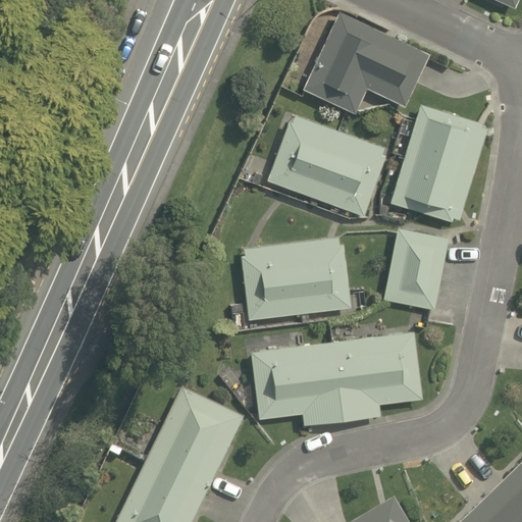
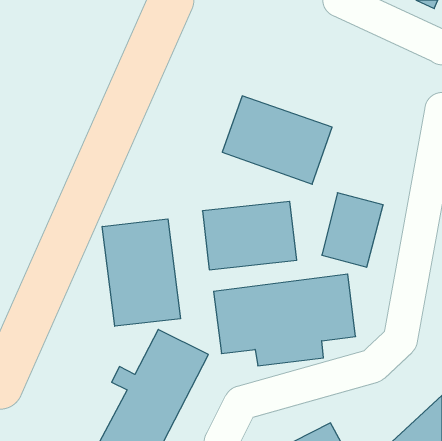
building: [298,8,426,117] -> none
building: [377,106,489,224] -> none
building: none -> [102,219,180,326]

